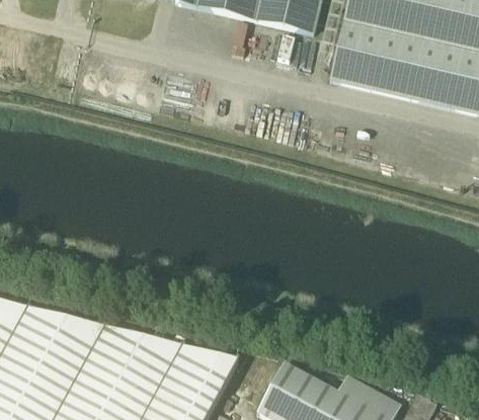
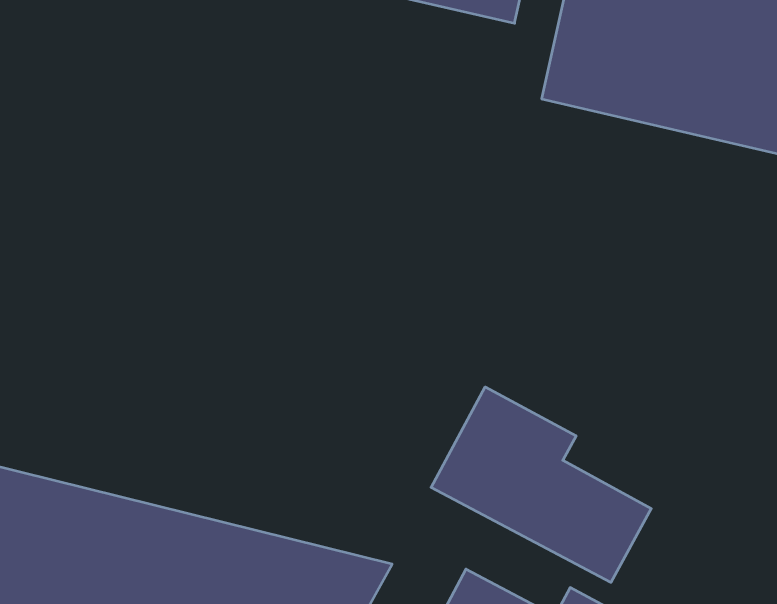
building: none -> [431,387,651,582]

